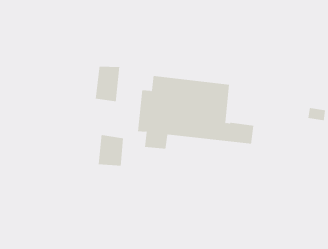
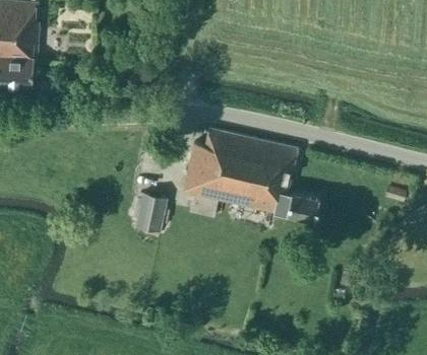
building: [95,66,120,102] -> none

